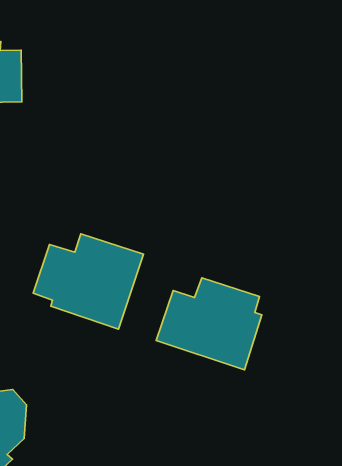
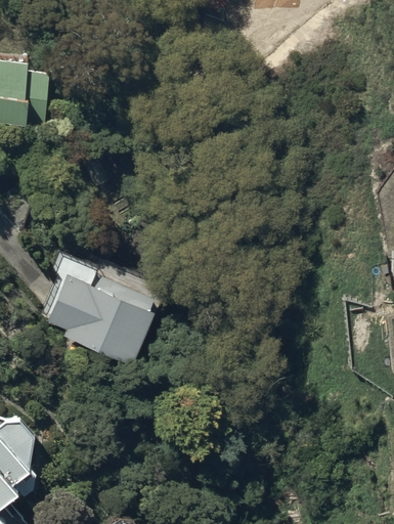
building: [156,278,262,370] -> none

